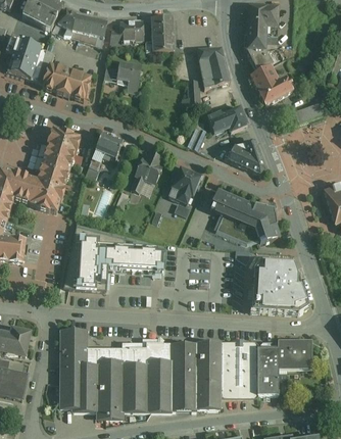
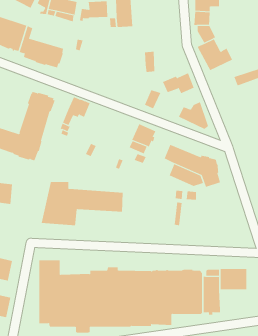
building: [197,47,229,88] -> none
building: [116,61,141,91] -> none
building: [130,153,161,195] -> none
building: [250,262,307,313] -> none

